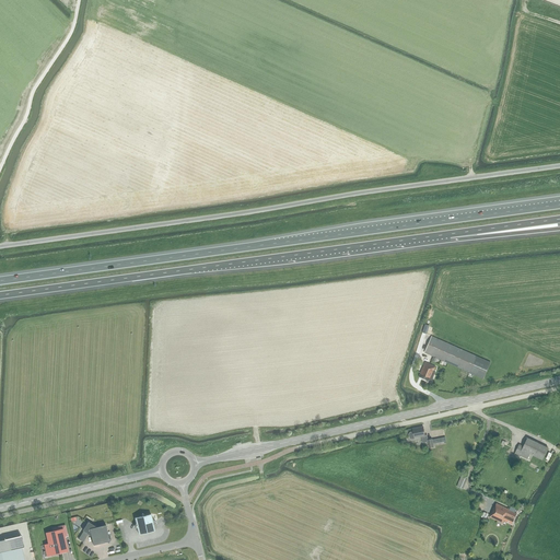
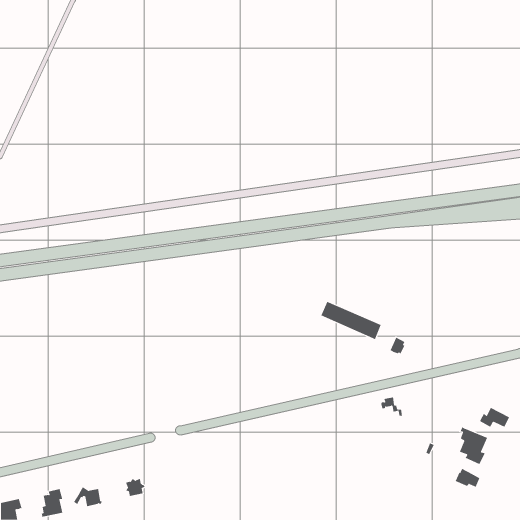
building: [424,337,490,378] -> [321,301,382,340]
building: none -> [459,426,488,465]

